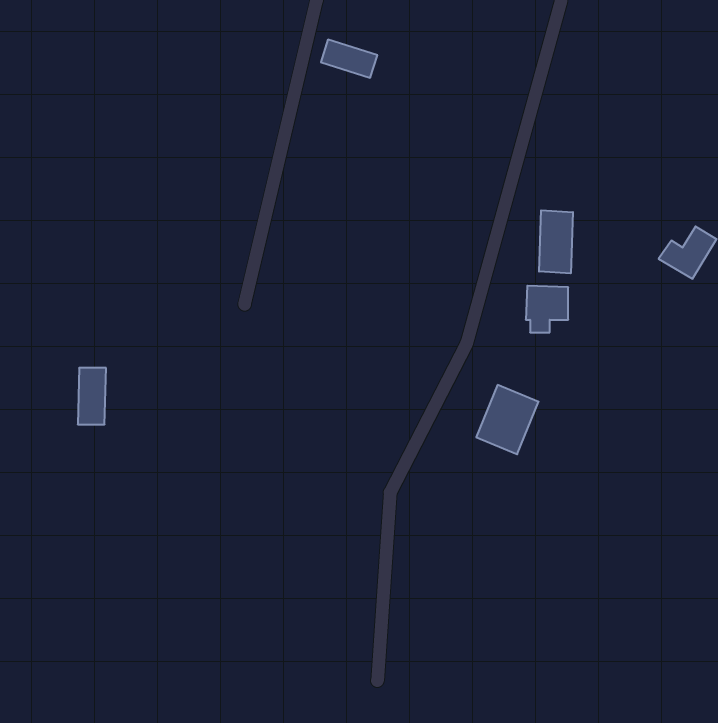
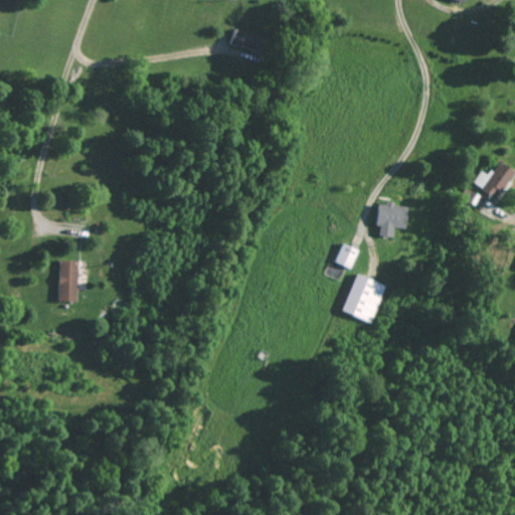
building: [539,210,573,273] -> none
building: none -> [335,243,359,269]

